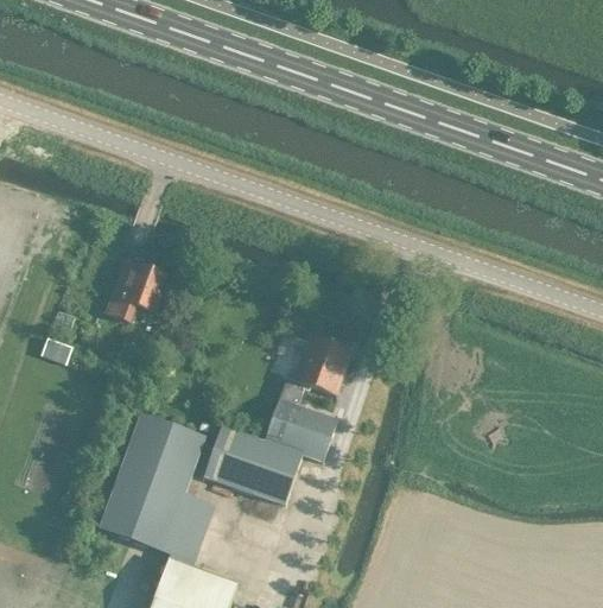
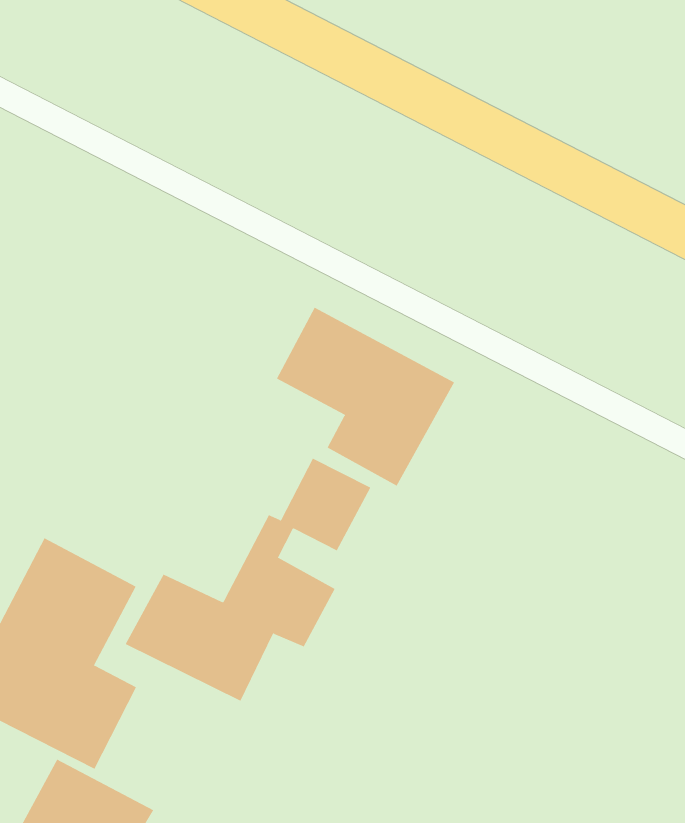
building: none -> [276,307,455,487]
building: [106,261,165,323] -> none

